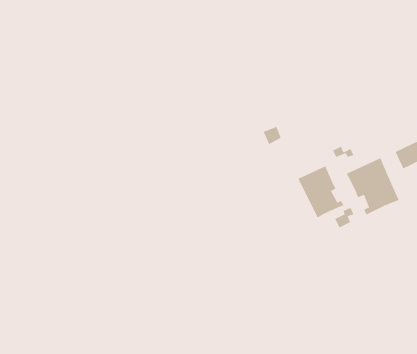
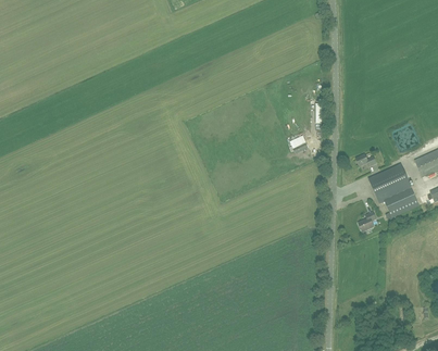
building: [298,166,344,219] -> none

